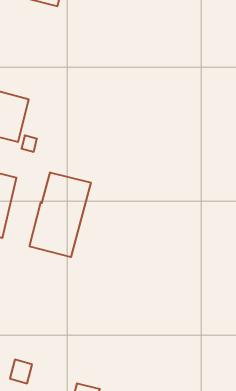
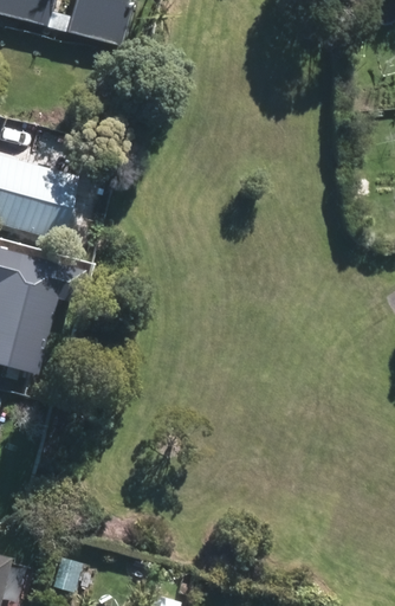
building: [30,172,91,257] -> none

